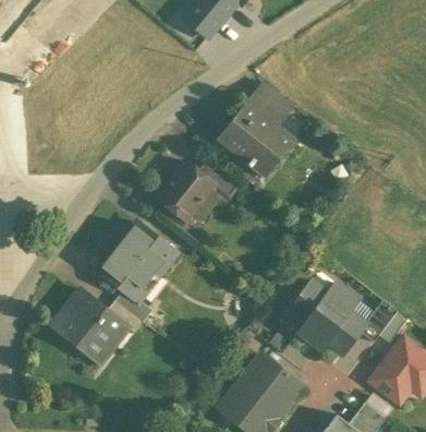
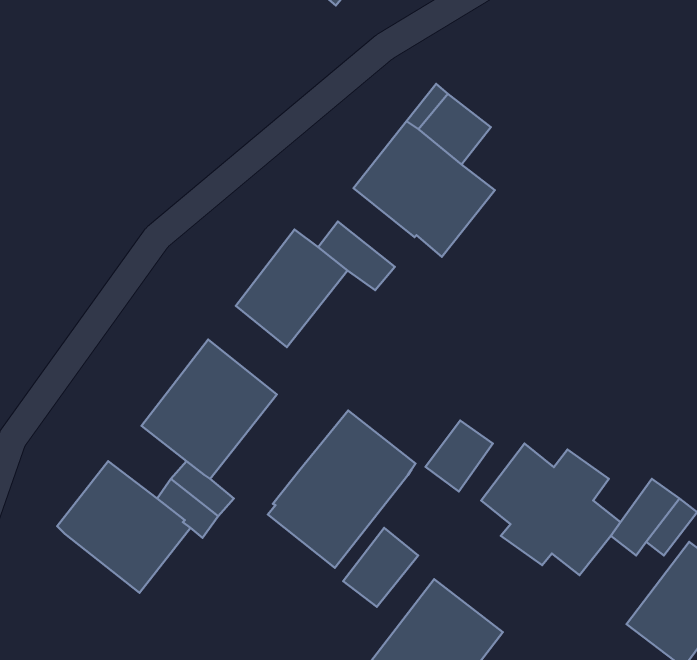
building: none -> [268,410,415,568]
building: none -> [425,421,493,492]
building: none -> [343,528,418,607]

